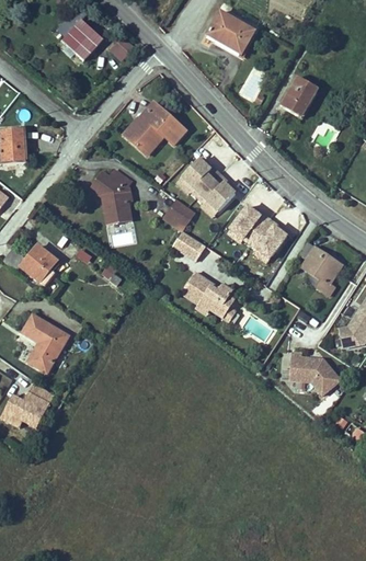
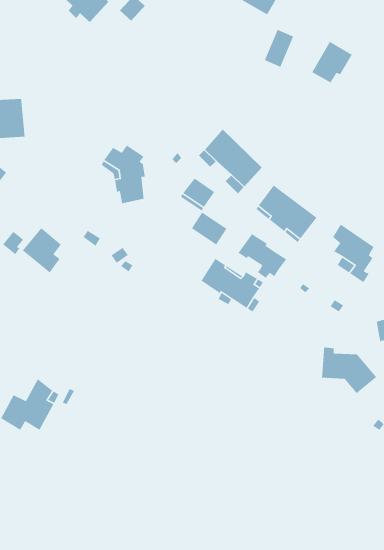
building: [124,101,187,156] -> none
building: none -> [238,233,287,279]
building: [22,313,70,373] -> none

